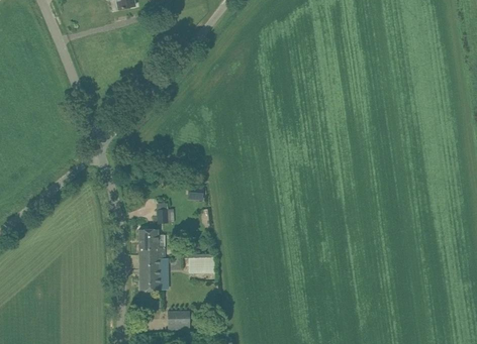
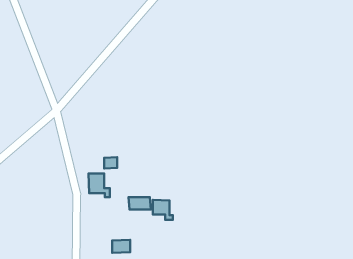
building: [139,252,159,290] -> none
building: none -> [153,200,173,220]

